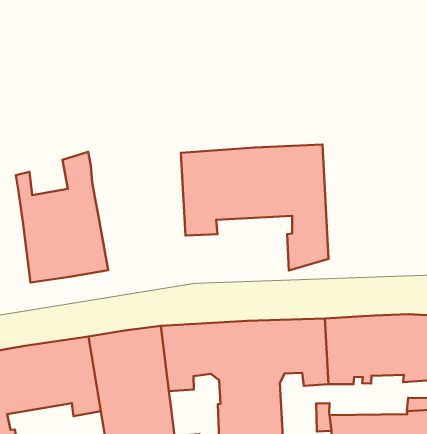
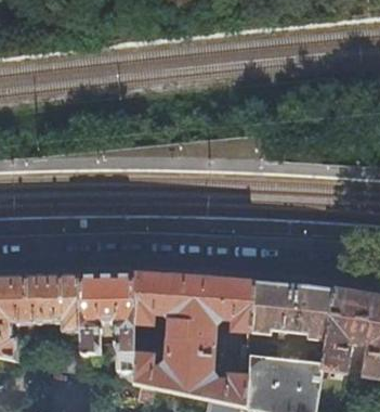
building: [181,144,328,271] -> none
building: [16,152,108,283] -> none

